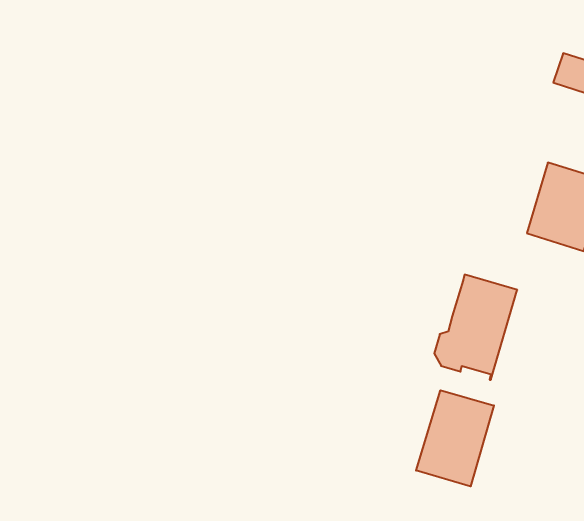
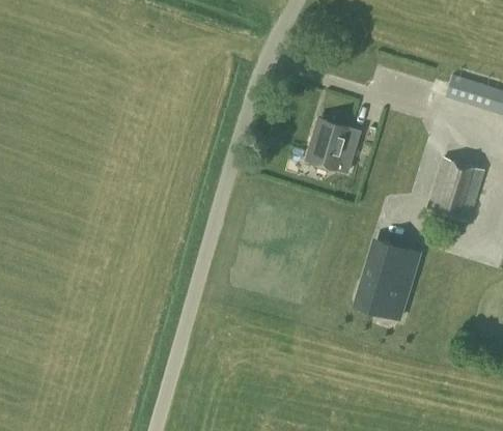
building: none -> [307,119,352,170]
building: [416,390,494,486] -> none

